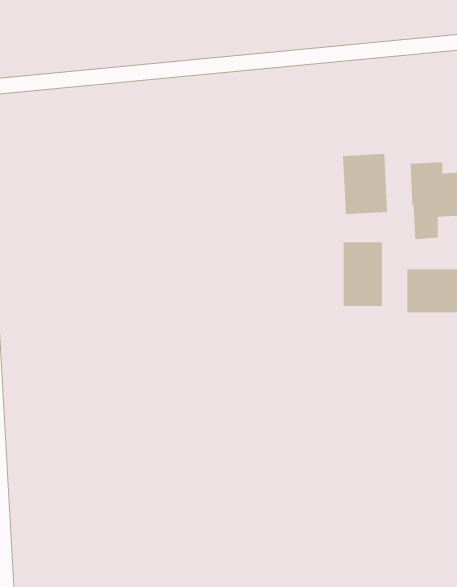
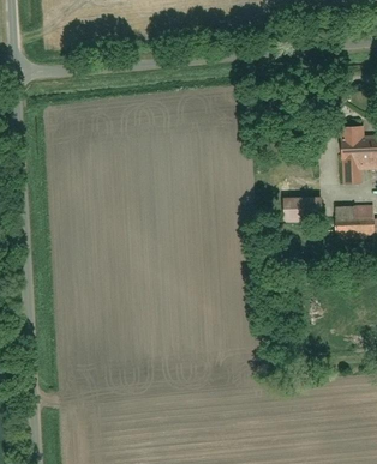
building: [342,153,388,215] -> none

